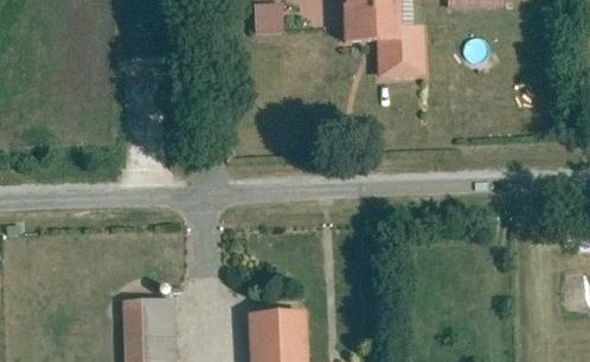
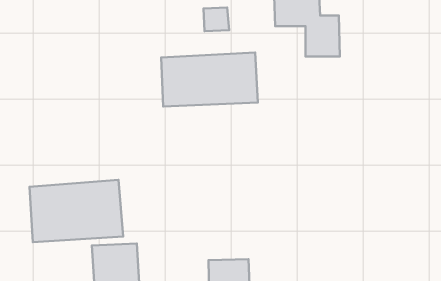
building: none -> [161,53,258,107]
building: none -> [29,180,123,242]

